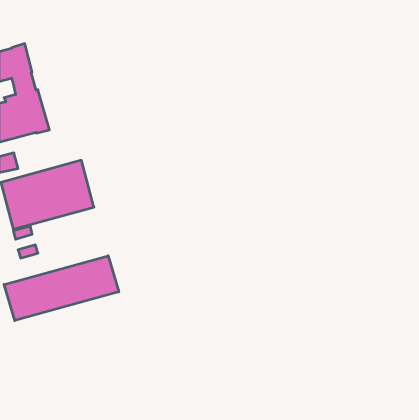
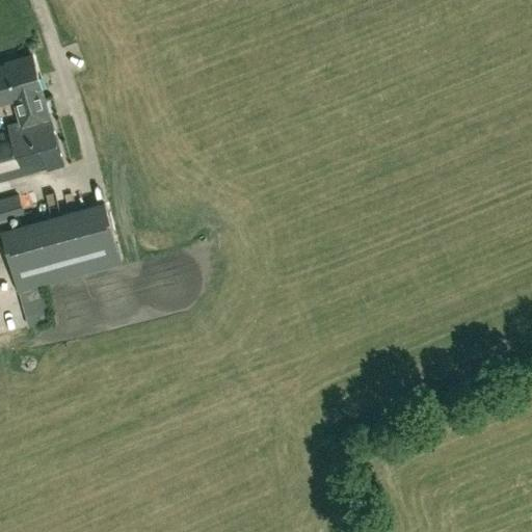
building: [4,256,119,321] -> none

